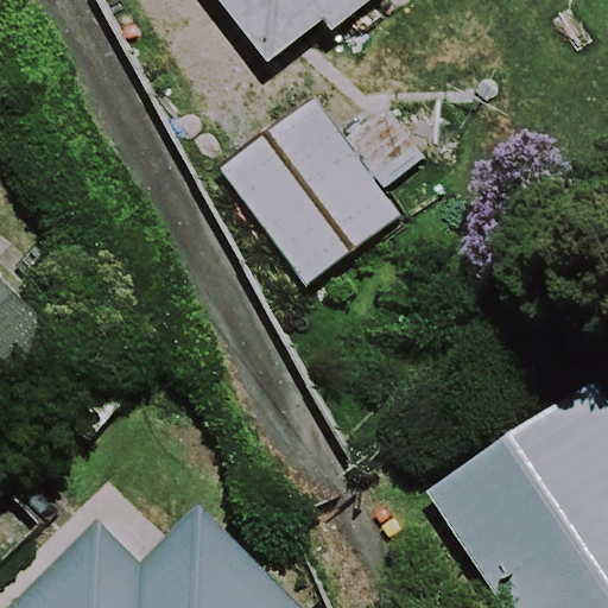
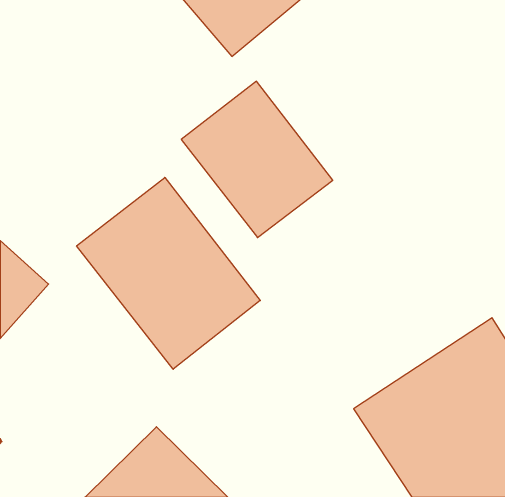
building: none -> [77,177,260,369]

